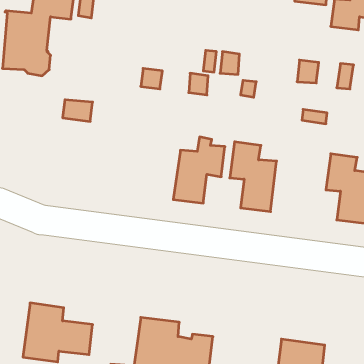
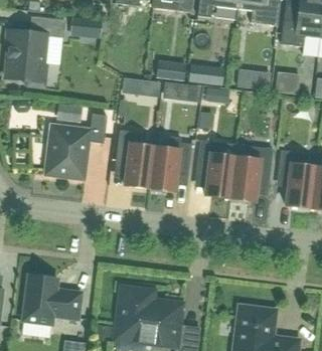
building: none -> [44,113,108,179]
building: none -> [116,129,155,187]
building: none -> [230,145,273,200]

